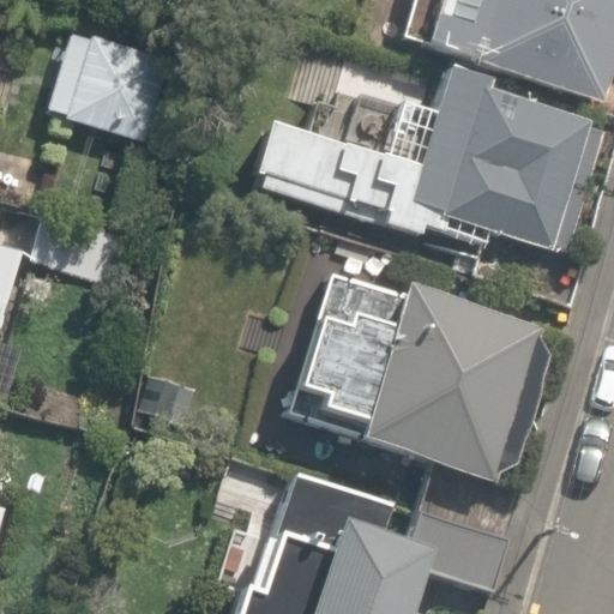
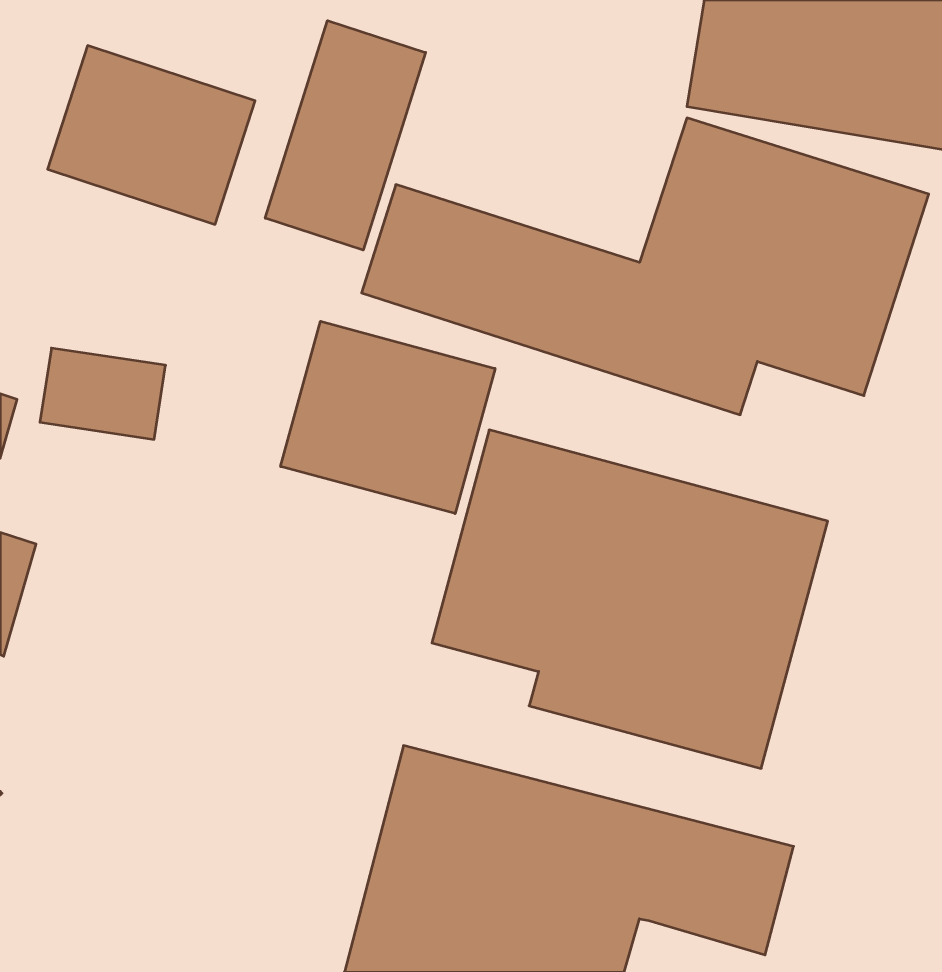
building: none -> [265,21,426,250]
building: none -> [281,321,495,514]

